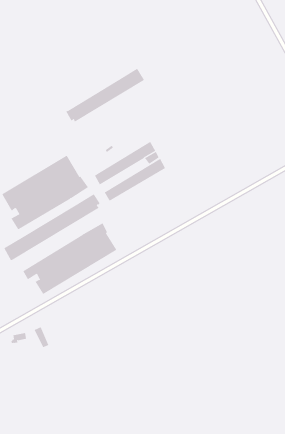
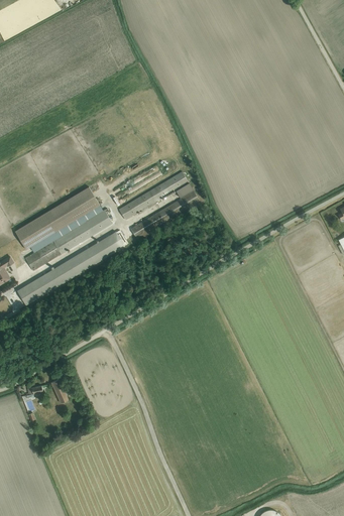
building: [66,68,145,123] -> none
building: [22,222,117,295] -> none

